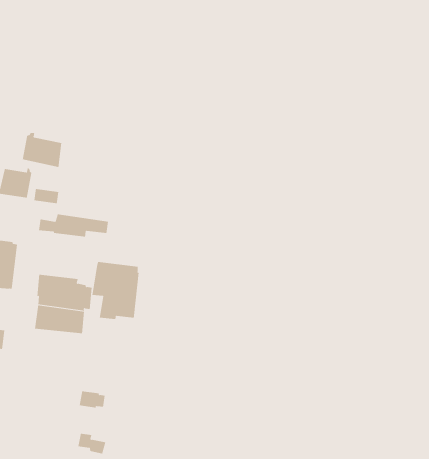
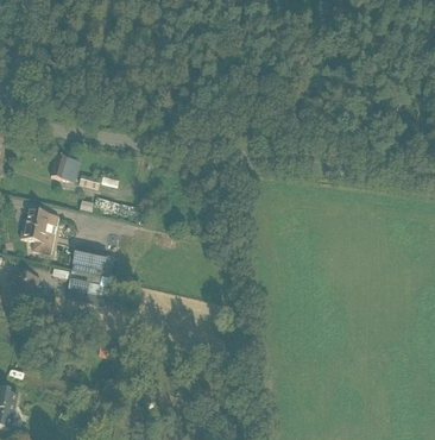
building: [22,132,62,168] -> none
building: [92,261,139,320] -> none

